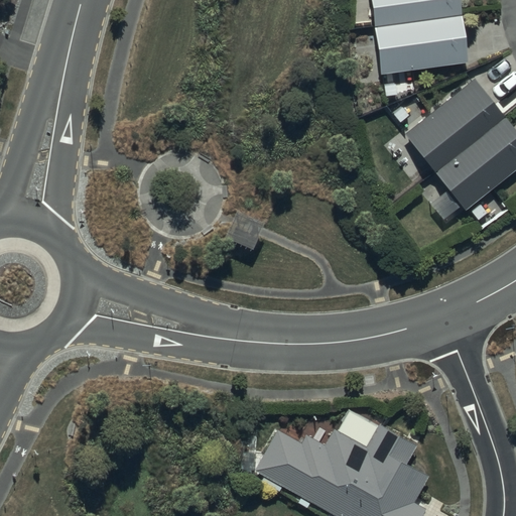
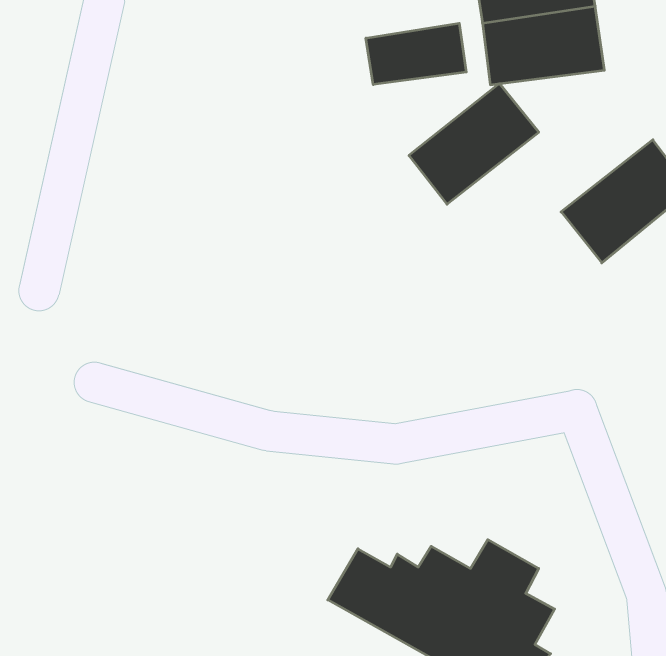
building: none -> [366,23,466,85]
building: [405,79,505,171] -> [409,84,539,204]

